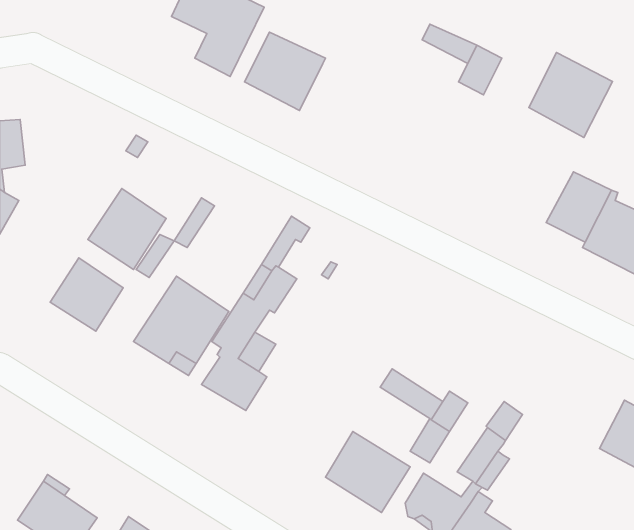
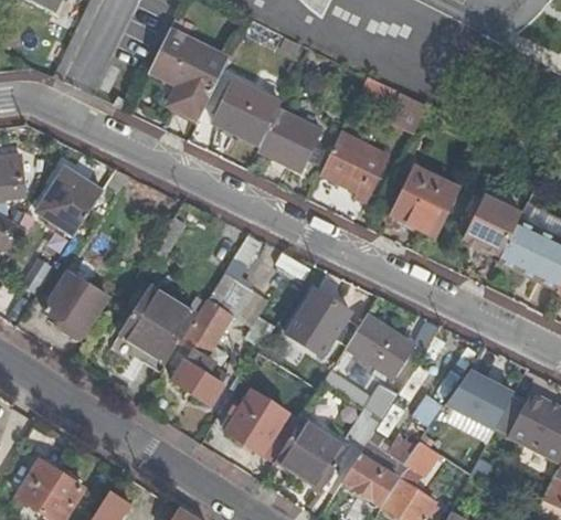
building: [529,53,613,138] -> [388,163,458,235]
building: none -> [254,107,321,171]
building: none -> [317,131,385,200]
building: [88,188,166,269] -> [36,166,103,234]
building: none -> [288,291,350,357]
building: none -> [348,314,415,375]
building: none -> [453,368,521,431]
building: none -> [227,390,287,453]

